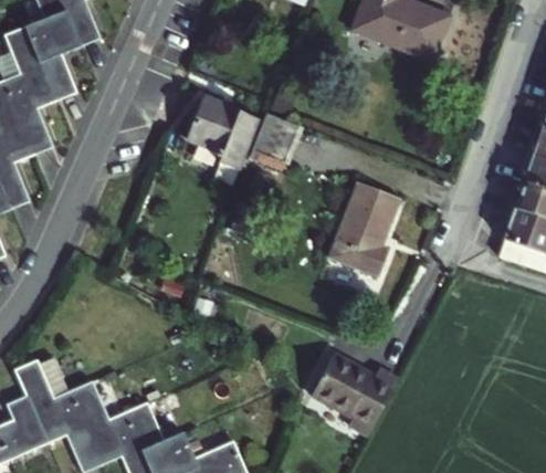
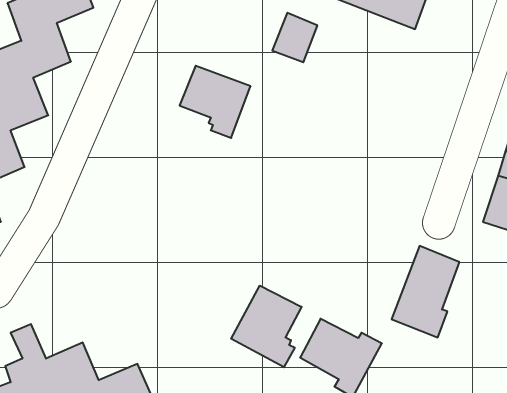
building: [252,111,298,161] -> [272,13,317,62]
building: [329,181,399,275] -> [392,246,459,337]
building: none -> [231,286,302,367]

